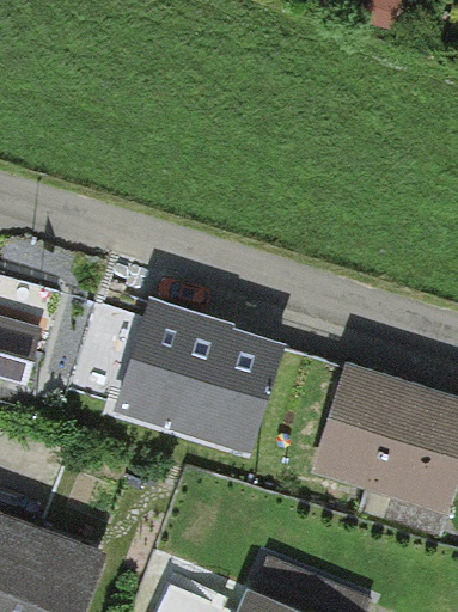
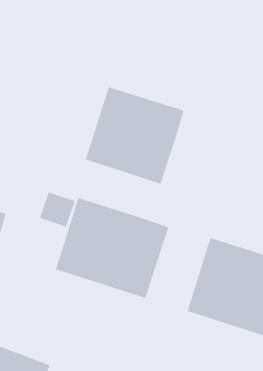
building: none -> [85,86,184,184]

